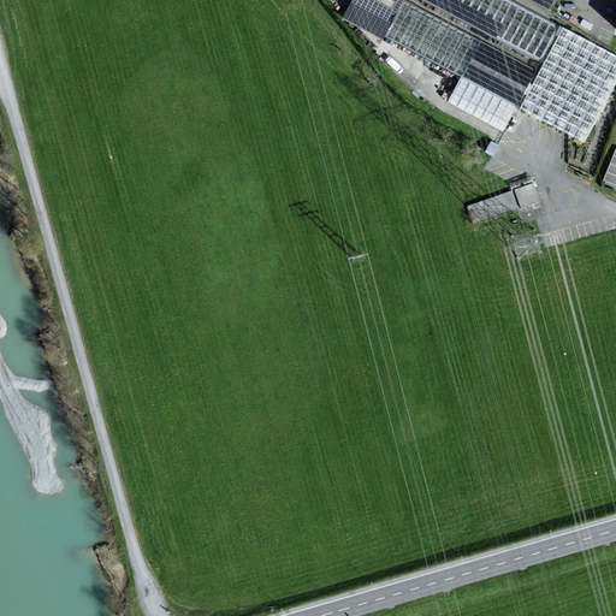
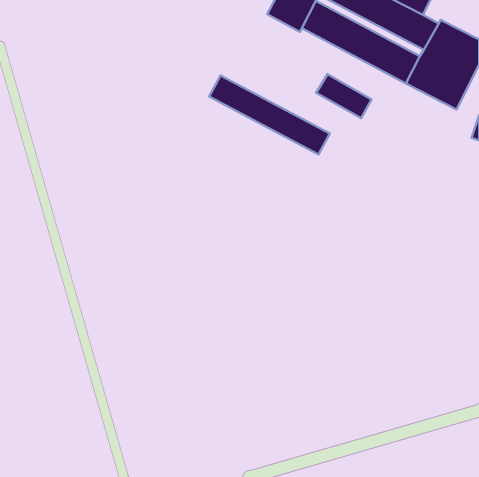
building: [448,76,519,132] -> [316,74,371,118]
building: none -> [209,76,330,155]

